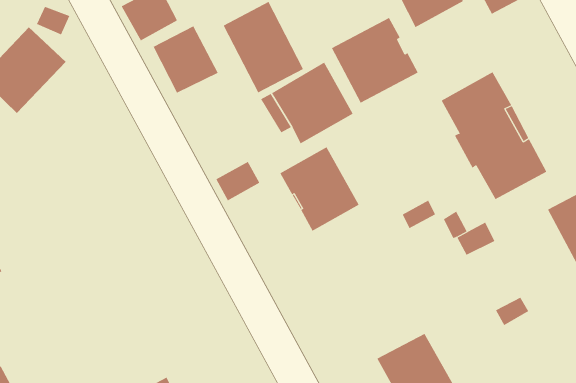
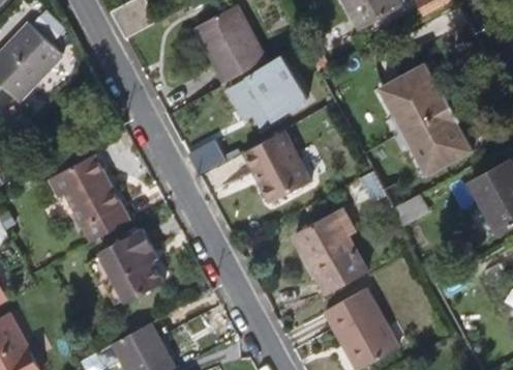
building: [331,17,419,104] -> none
building: [153,26,218,93] -> none
building: none -> [47,154,127,241]
building: none -> [296,214,365,294]
building: none -> [97,229,162,303]

